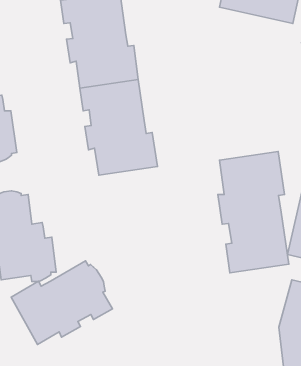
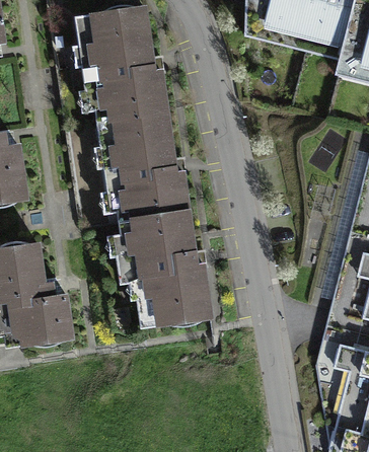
building: [218,151,289,273] -> none
building: none -> [120,213,212,326]
building: [11,261,113,344] -> none

